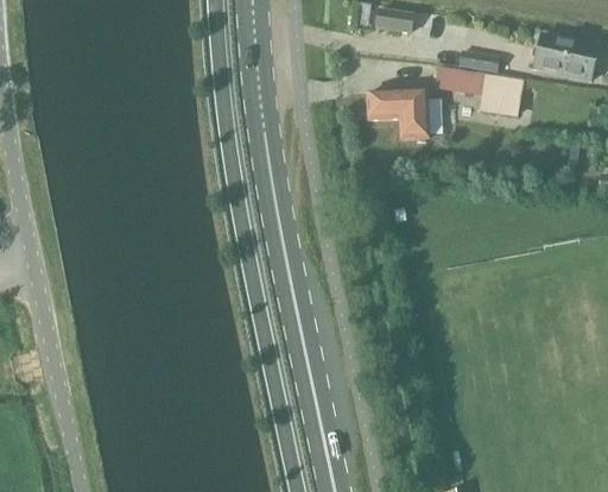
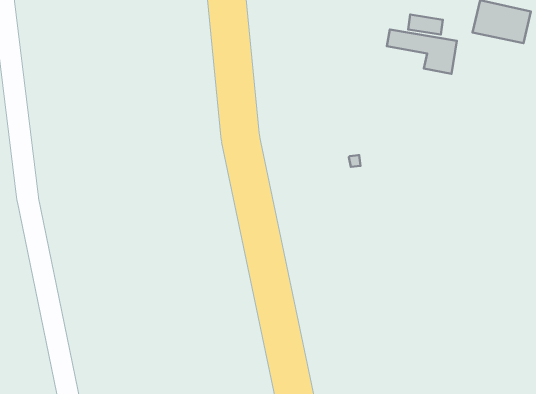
building: [370,92,429,140] -> none

